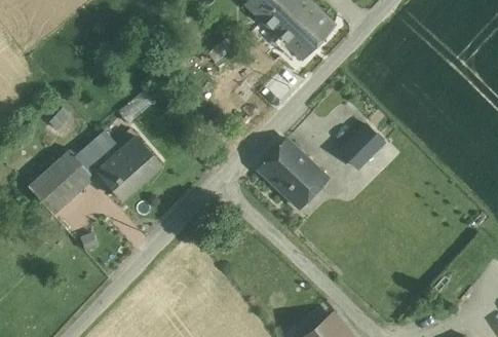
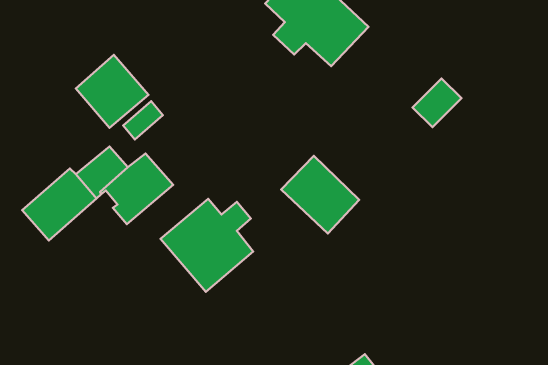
building: none -> [76,55,149,128]
building: [341,124,384,167] -> [413,79,461,127]
building: none -> [161,199,253,292]

